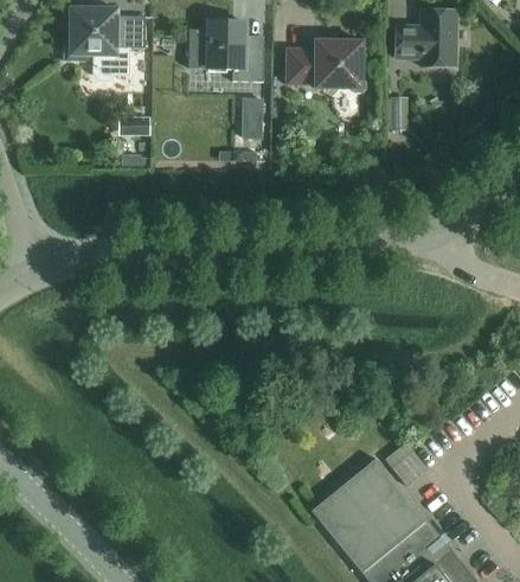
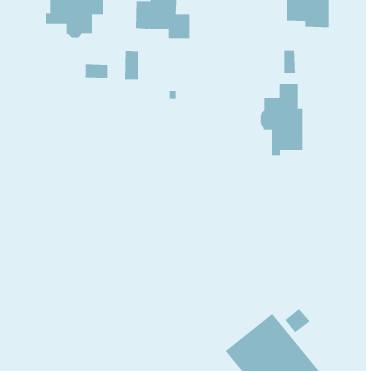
building: [287,39,366,91] -> none
building: [243,95,263,135] -> [124,50,139,80]
building: none -> [260,83,303,156]

